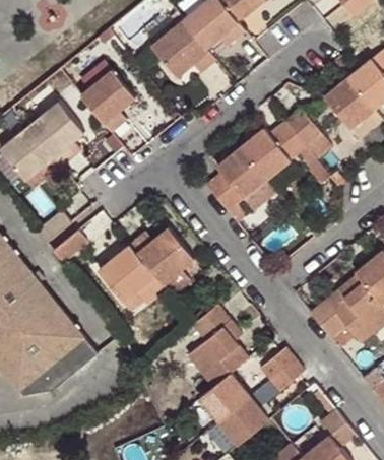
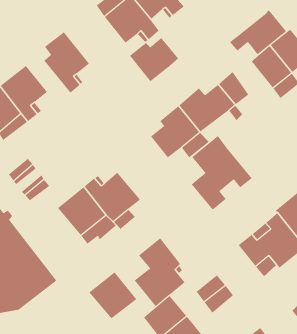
building: none -> [229,10,287,55]
building: none -> [129,37,179,82]
building: none -> [191,135,253,211]
building: none -> [89,271,137,319]

